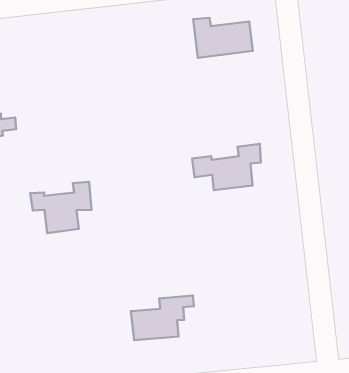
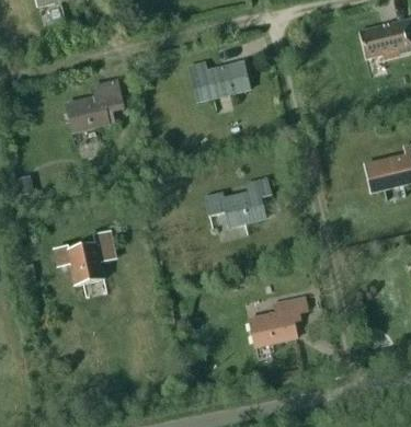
building: none -> [66,81,123,131]
building: [131,296,194,340] -> [249,297,308,346]

